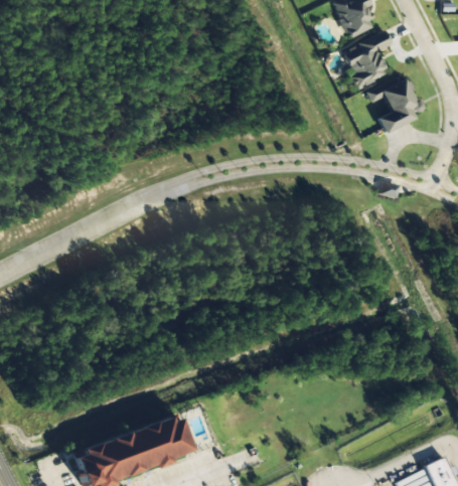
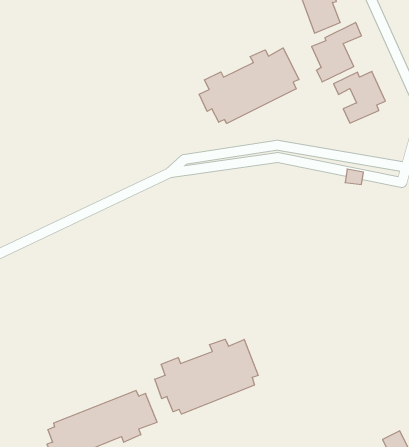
building: none -> [199,48,299,123]
building: none -> [155,339,258,414]

